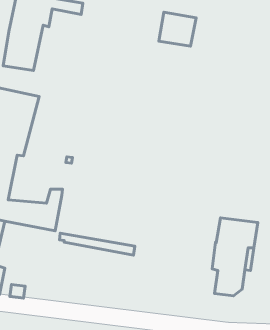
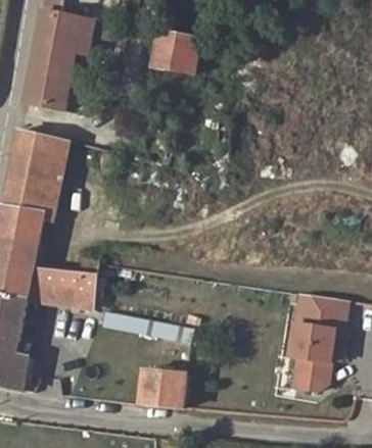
building: [159,12,196,46] -> [154,32,201,74]
building: none -> [140,367,184,408]

